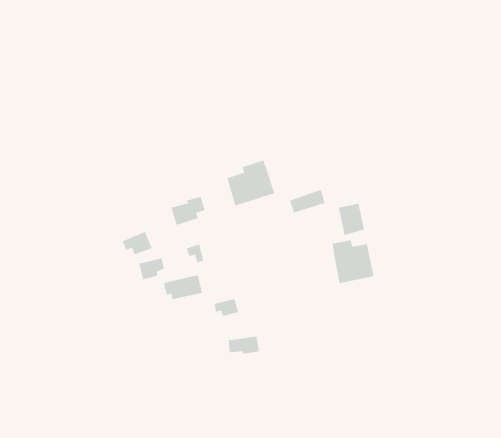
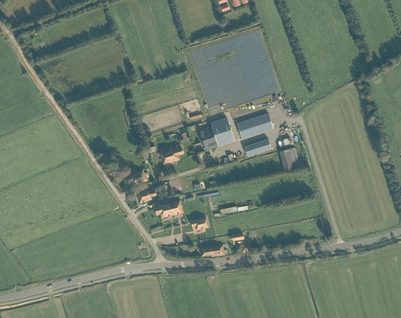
building: none -> [237,114,273,139]
building: [332,240,374,284] -> none

